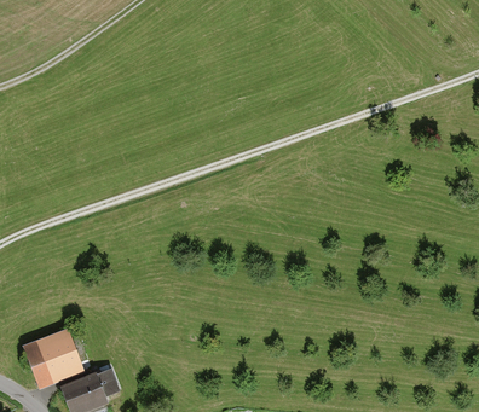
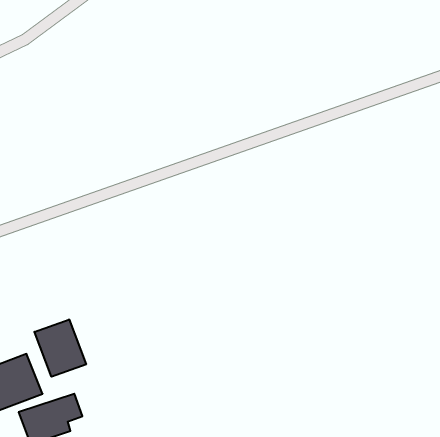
building: none -> [34,319,86,377]

